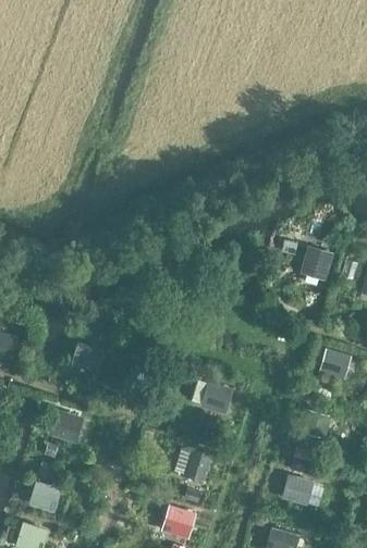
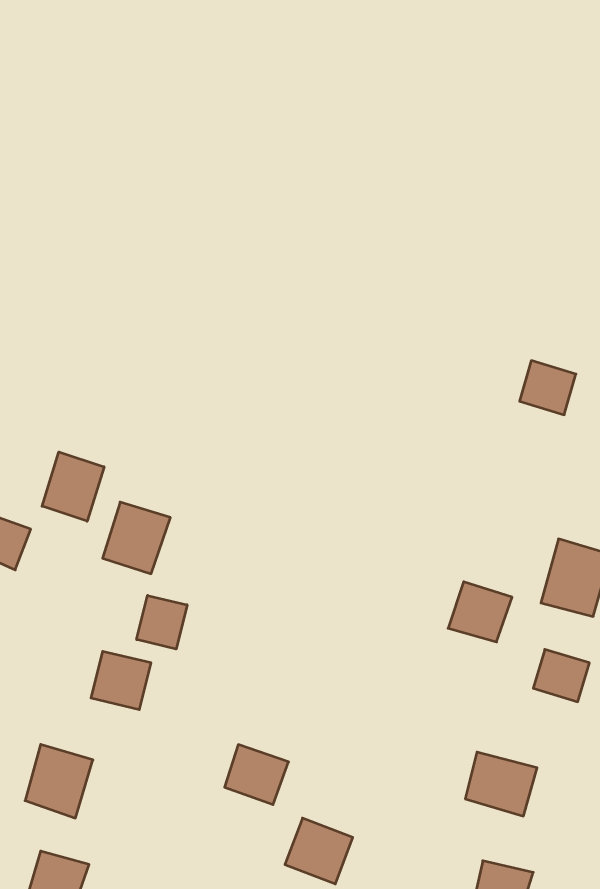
building: none -> [42,452,104,521]
building: none -> [137,595,187,649]
building: [203,382,238,415] -> [448,582,512,642]
building: [185,450,221,484] -> [225,745,289,805]

